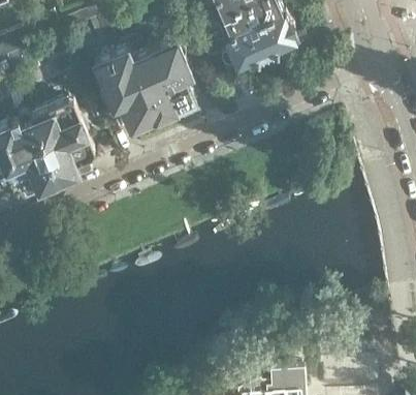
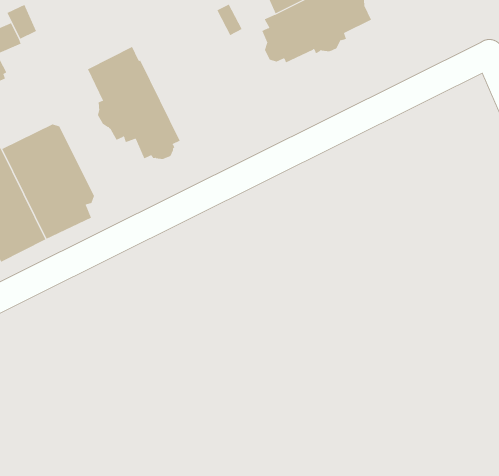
building: [132,44,195,122] -> none

